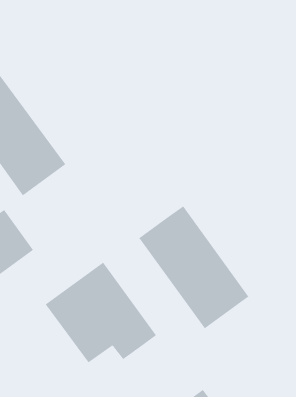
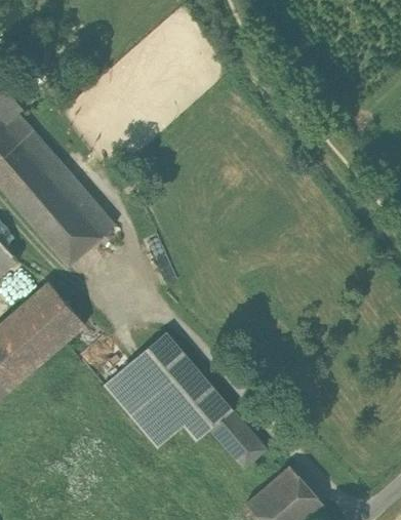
building: [139,205,249,329] -> none
building: none -> [210,409,266,467]

